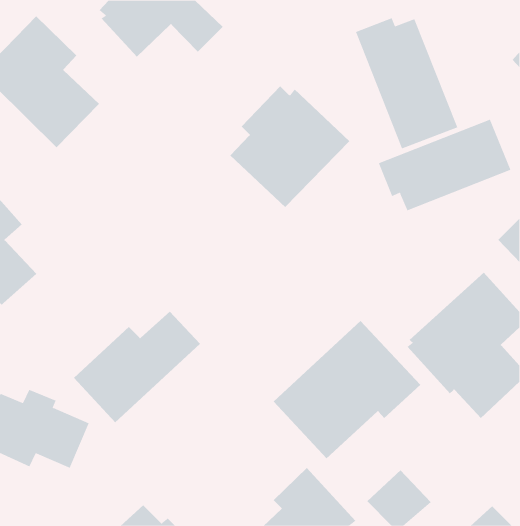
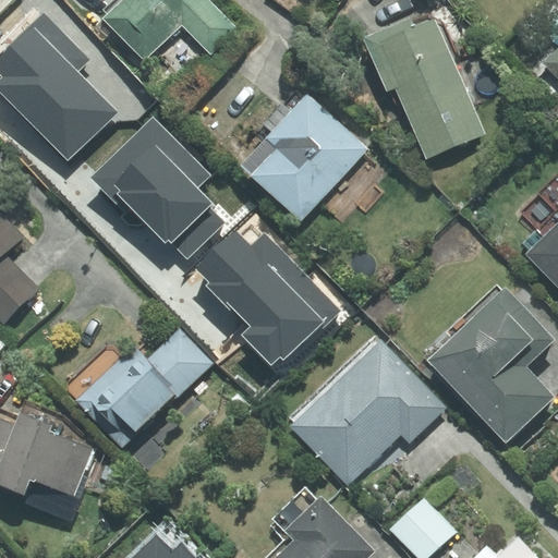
building: none -> [86,118,221,266]
building: [378,119,511,211] -> none
building: none -> [189,231,328,369]

